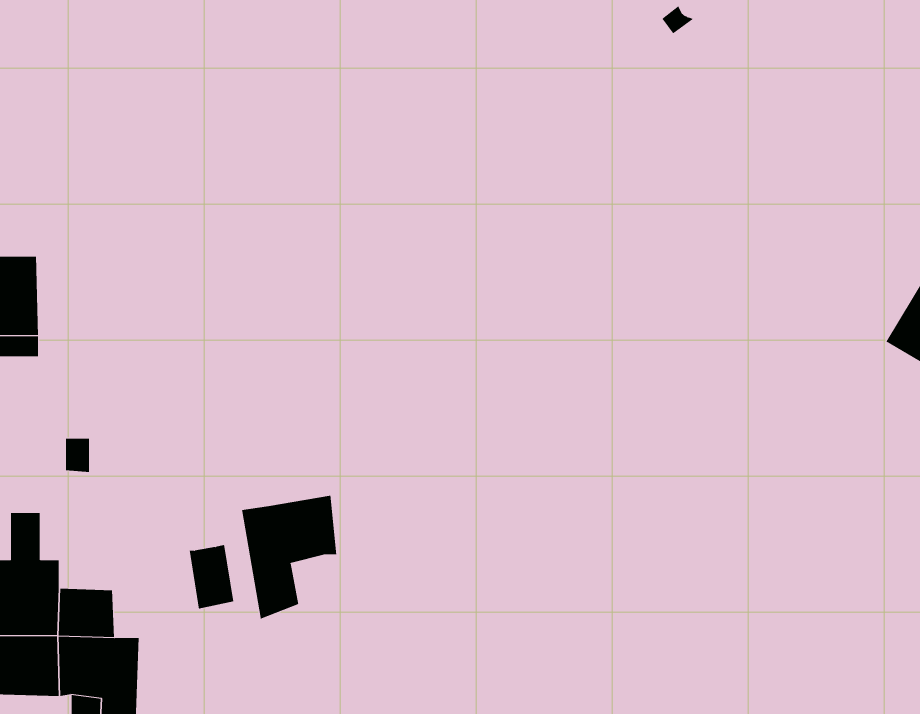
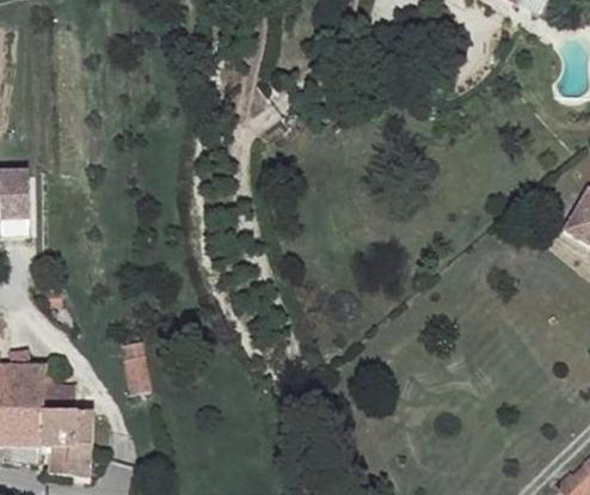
building: [241,495,337,619] -> none

